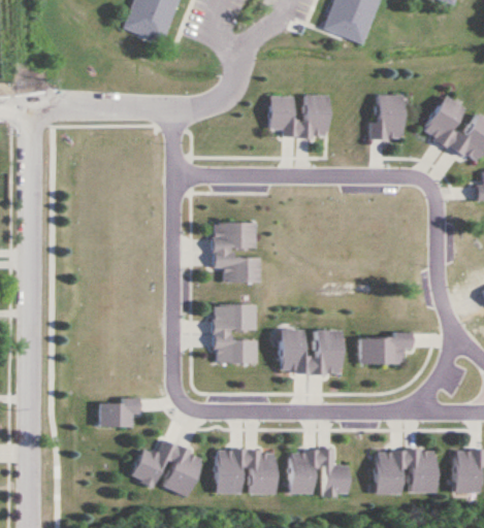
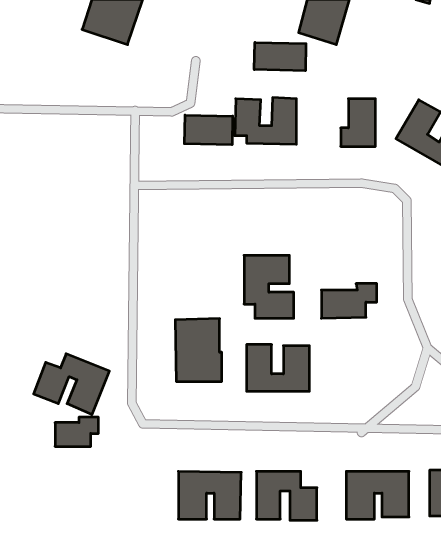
building: none -> [254,42,306,71]
building: none -> [184,115,233,145]
building: [213,223,260,283] -> [244,255,294,318]
building: [359,331,412,364] -> [321,284,377,318]
building: [131,440,203,498] -> [34,354,109,414]

